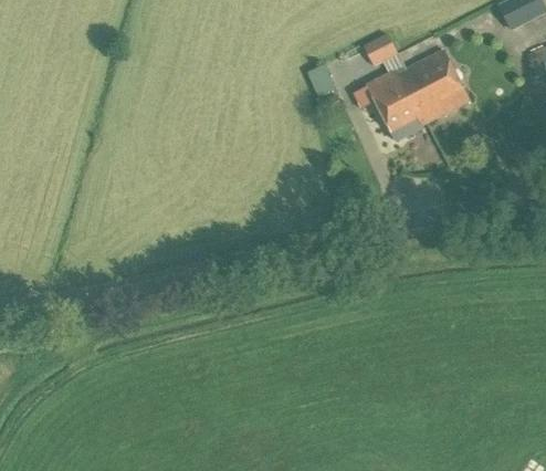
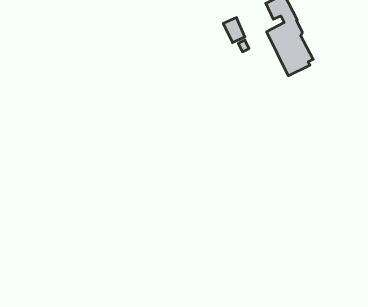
building: [406,50,470,119] -> none

